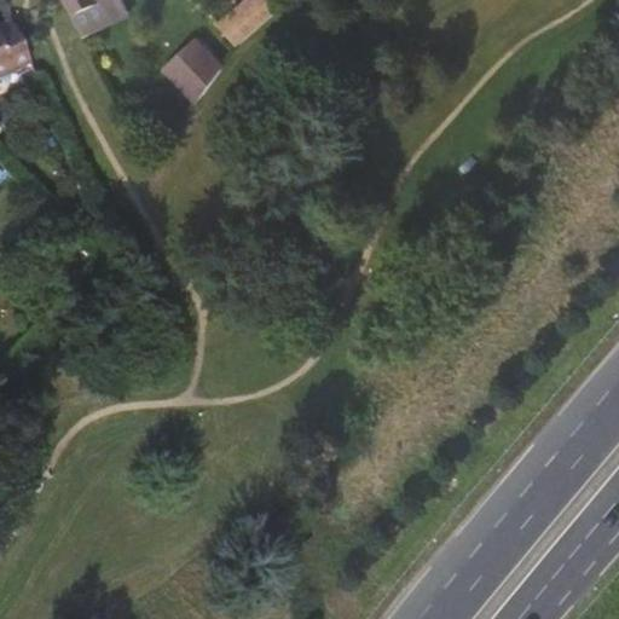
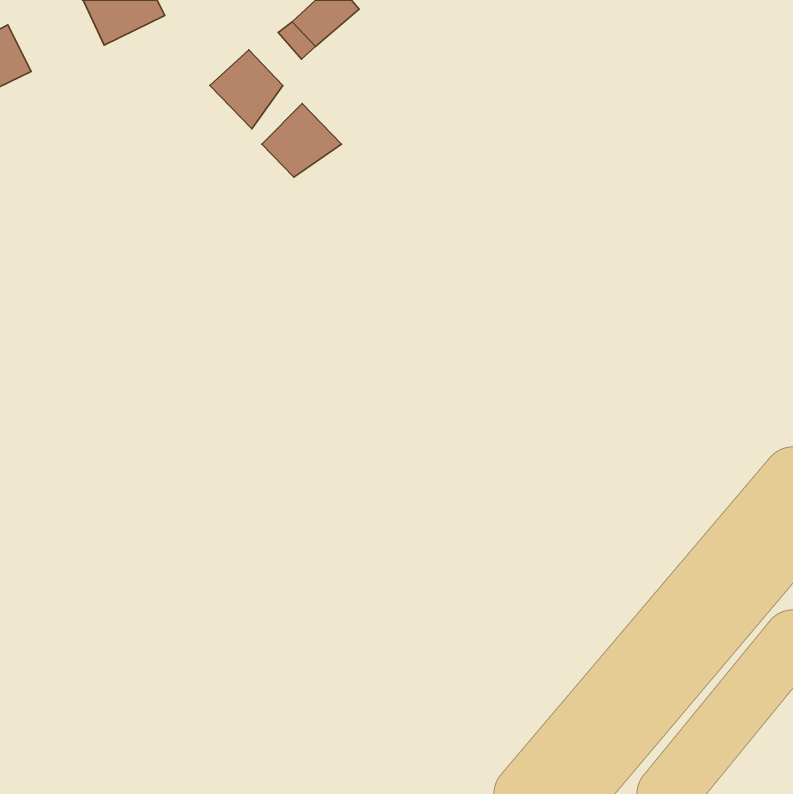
building: none -> [262,103,341,177]

